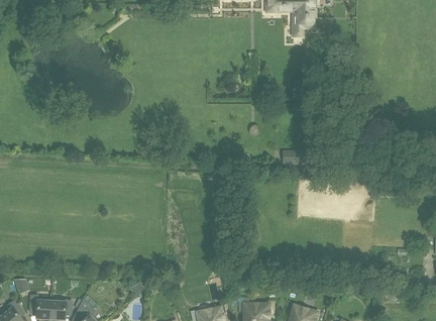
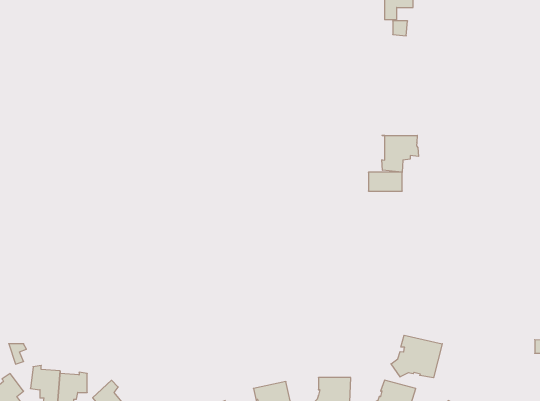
building: none -> [382,135,419,172]
building: none -> [391,335,442,378]

